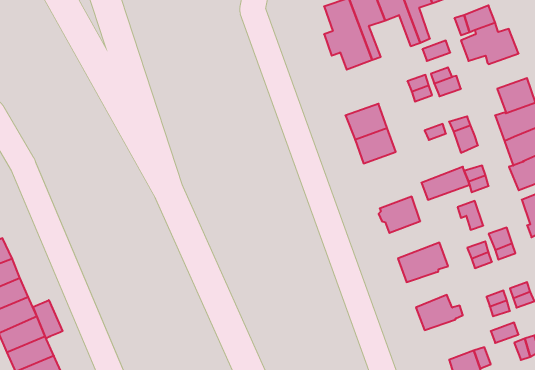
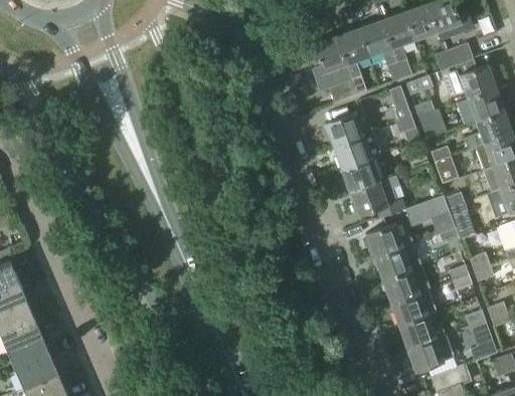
building: none -> [468,88,504,122]
building: none -> [324,110,372,147]
building: none -> [350,176,405,218]
building: none -> [374,243,421,281]
building: none -> [390,293,428,328]
building: [33,300,63,339] -> none
building: none -> [407,339,445,371]

